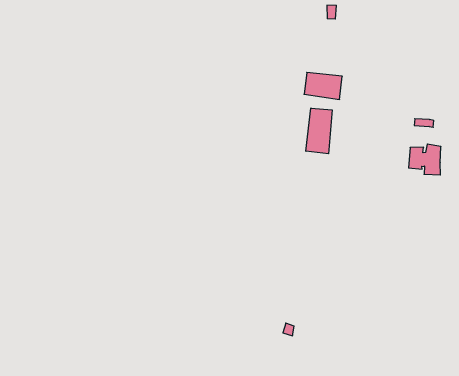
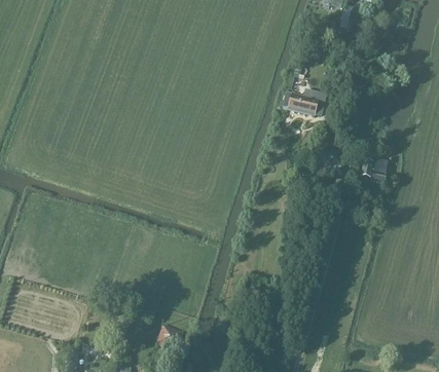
building: [306,108,332,154] -> none

